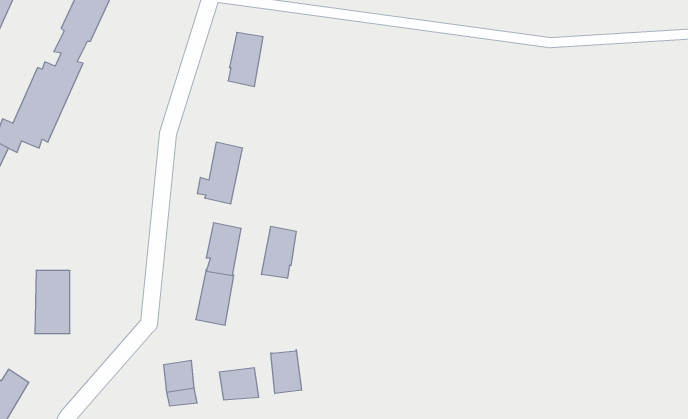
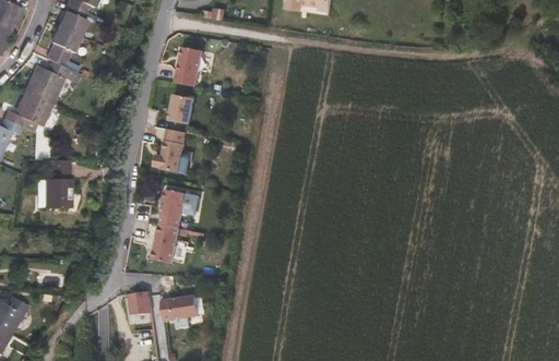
building: none -> [167,93,193,123]
building: [262,226,296,278] -> none
building: [35,271,70,334] -> [44,160,70,207]
building: [271,350,302,394] -> none

